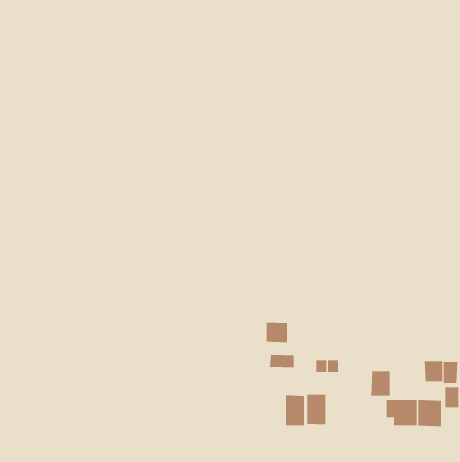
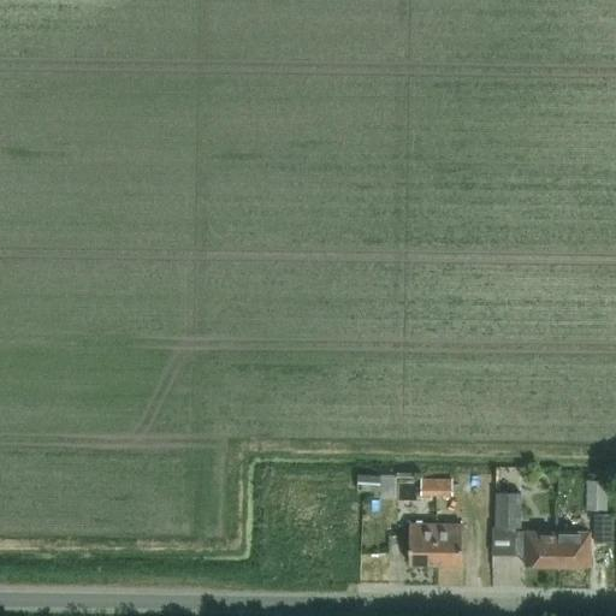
building: [266,322,288,343] -> none
building: [424,360,443,382] -> none
building: [285,395,305,426] -> [434,525,461,565]

